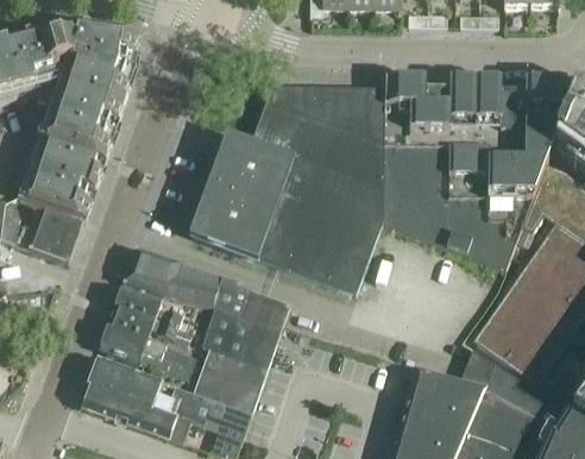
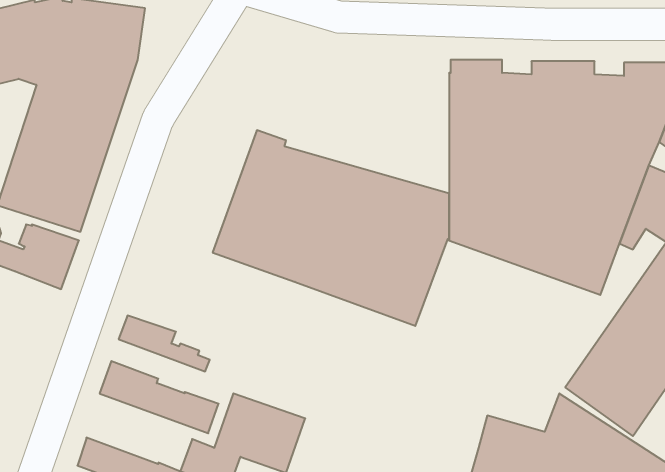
building: [250,89,383,188] -> none
building: [124,250,290,370] -> none
building: [109,306,191,345] -> none
building: [87,358,162,407] -> none

